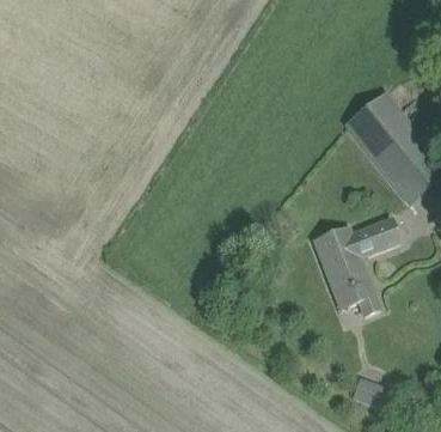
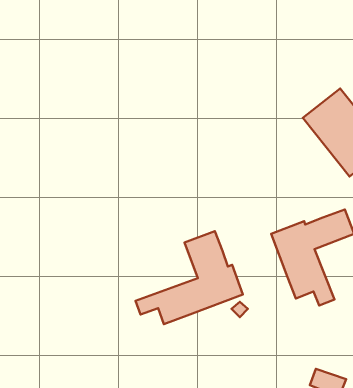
building: none -> [136,231,243,324]

